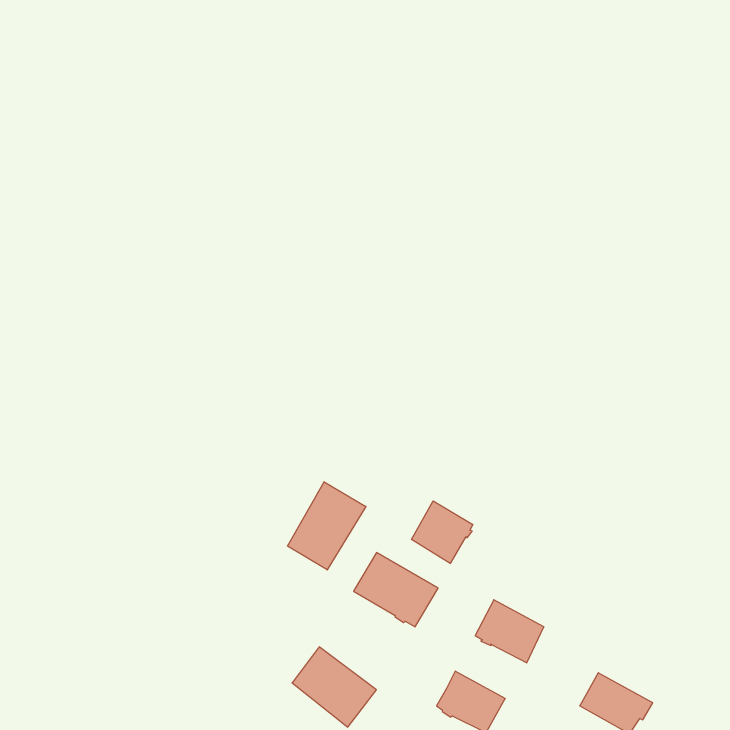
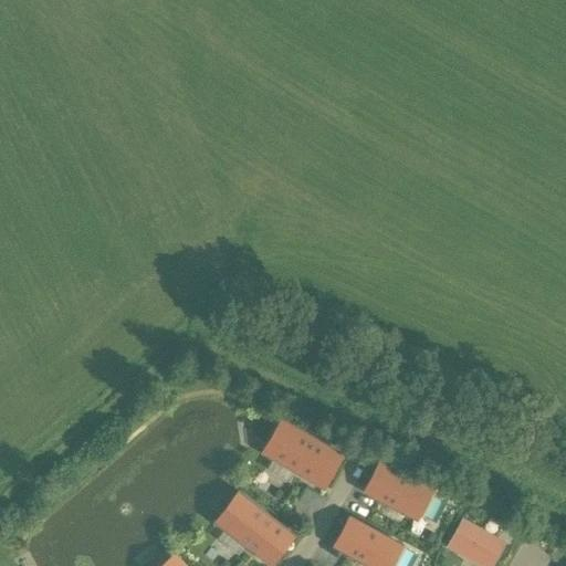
building: [287,482,366,570] -> none
building: [412,501,473,563] -> none

